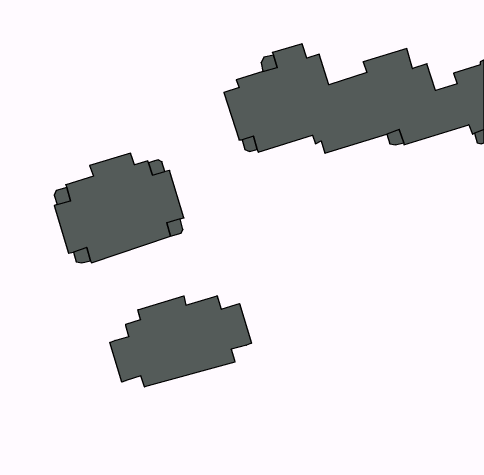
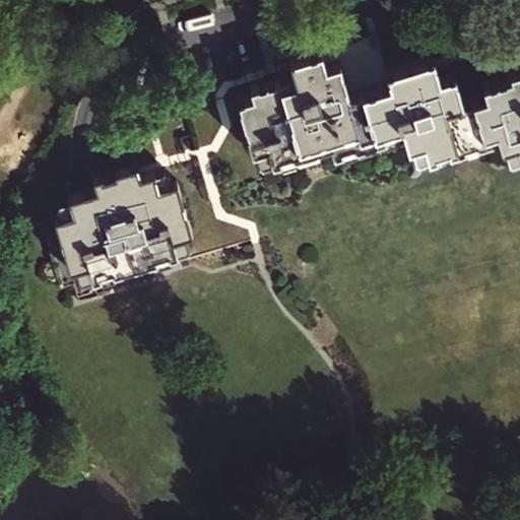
building: [110,296,251,387] -> none

